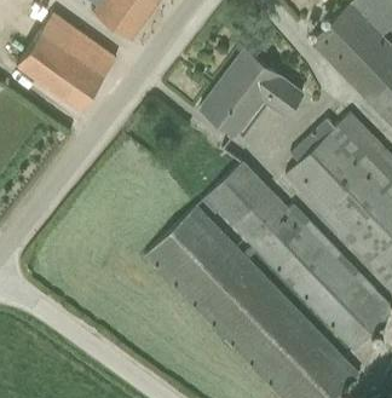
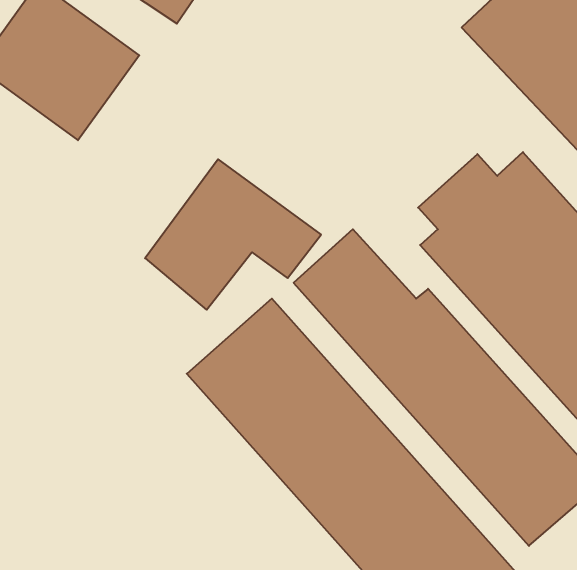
building: [204,42,312,134] -> [145,159,321,310]

